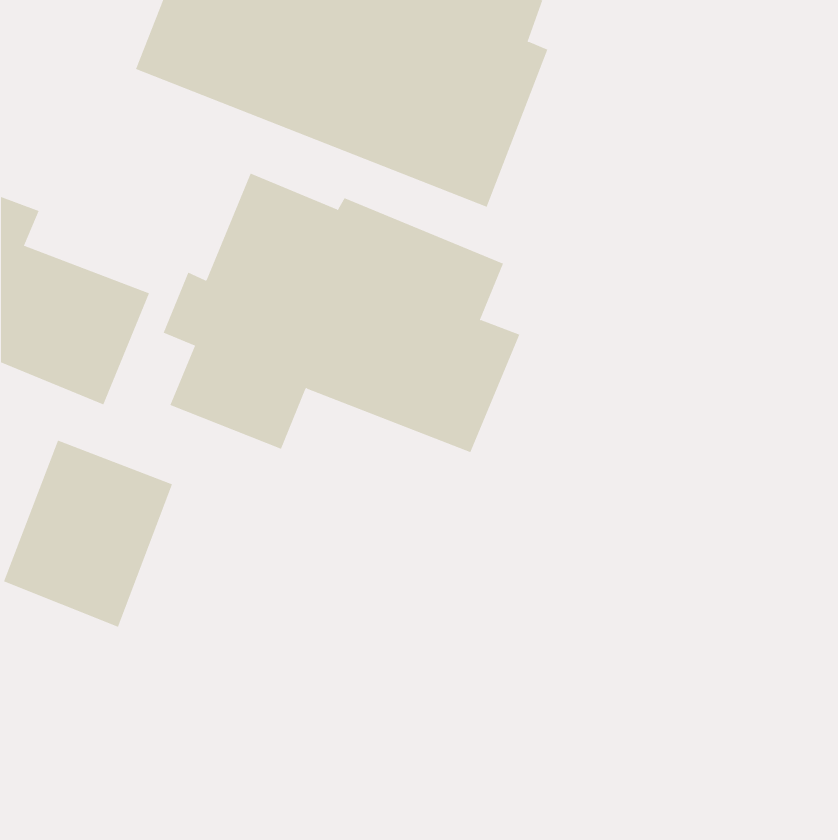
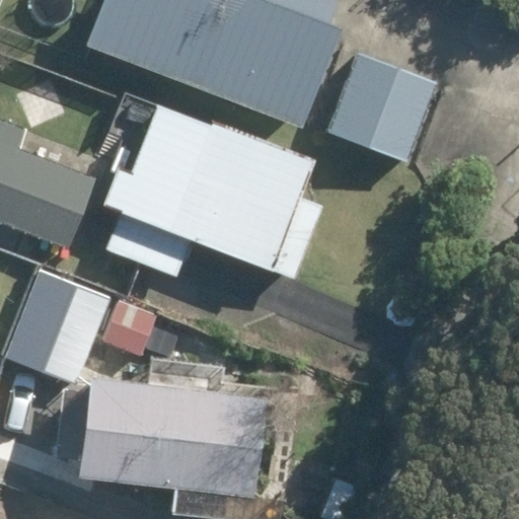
building: none -> [330,57,434,159]
building: none -> [78,378,265,496]

